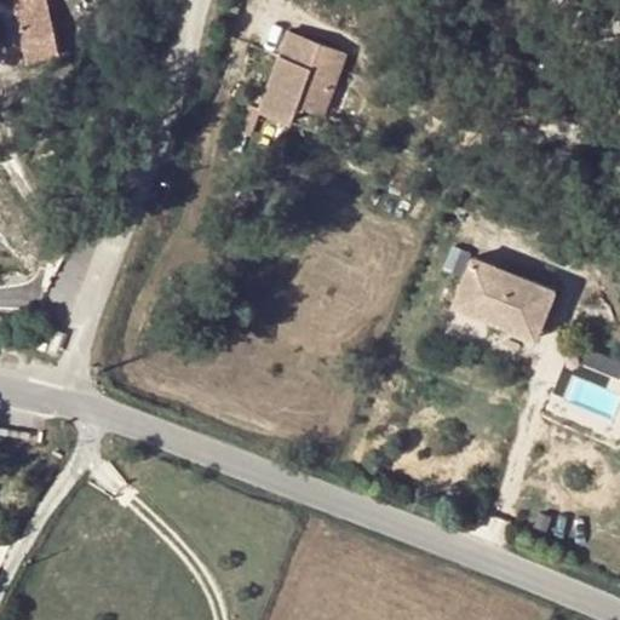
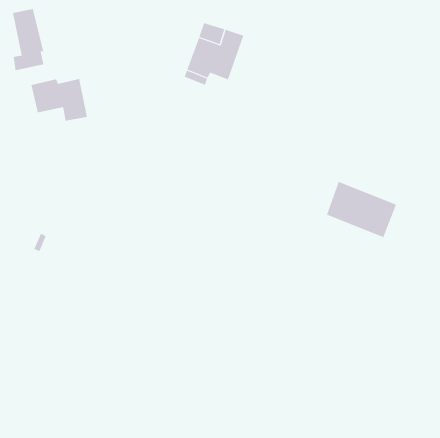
building: none -> [31,78,87,121]

